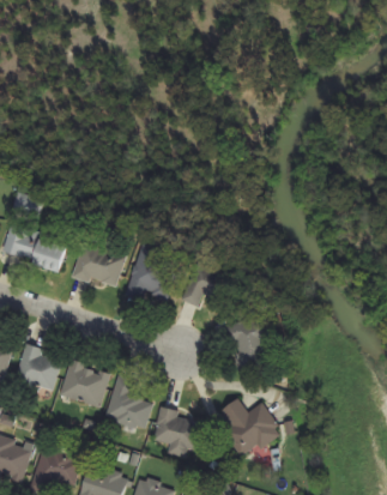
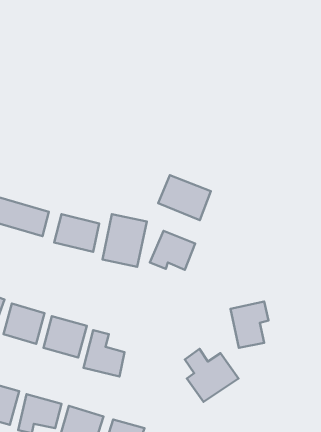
building: none -> [158,175,211,220]
building: [229,316,272,369] -> [230,302,268,348]
building: [153,408,200,458] -> none

